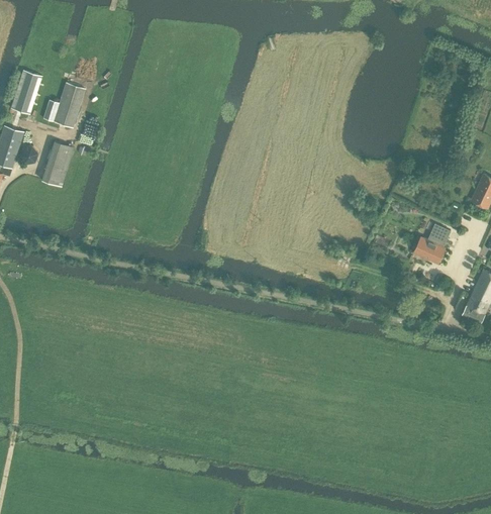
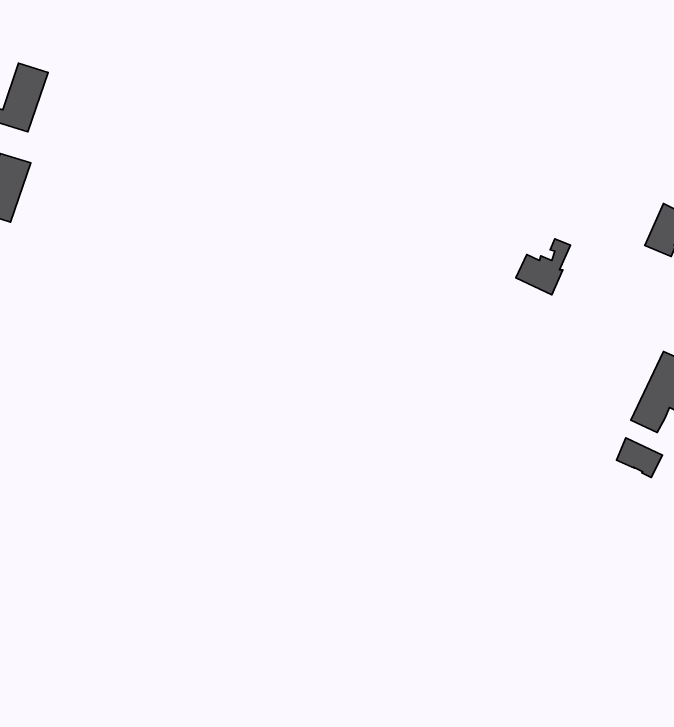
building: [413,226,449,263] -> [516,239,571,295]
building: none -> [617,438,663,477]

